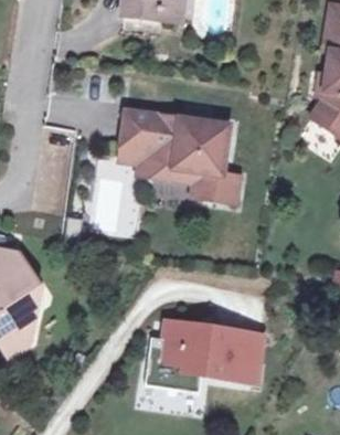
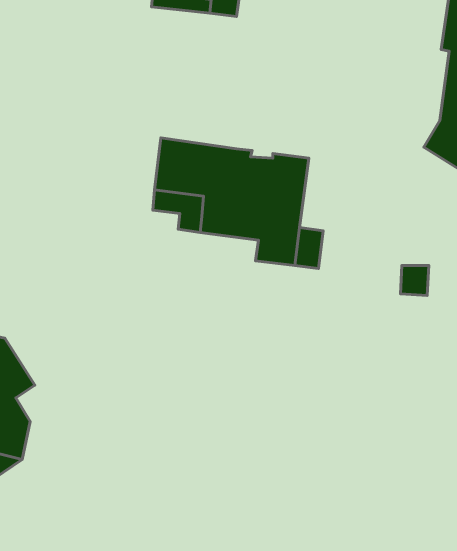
building: [156,316,266,381] -> none

